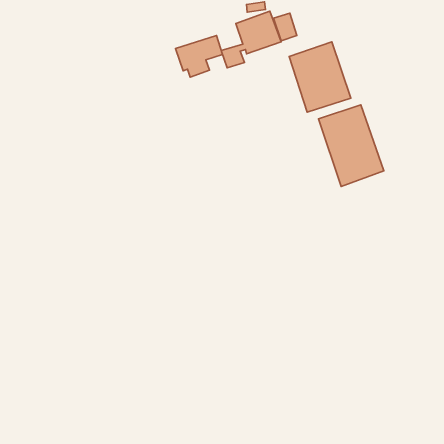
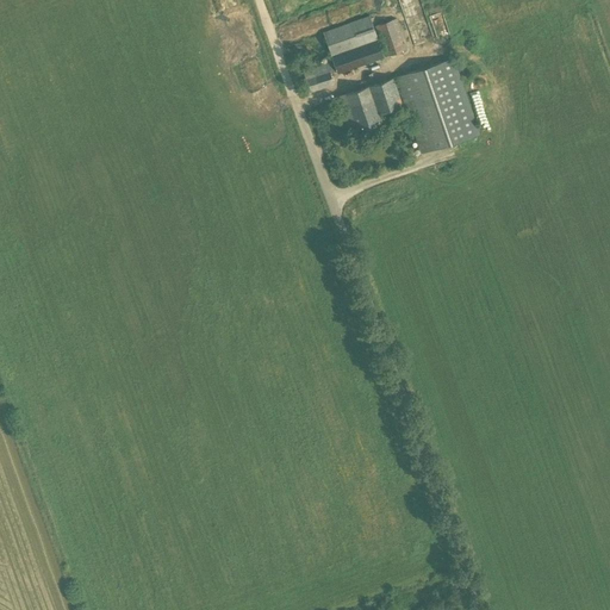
building: [175,35,222,77] -> [338,79,403,136]
building: [318,105,384,186] -> none

